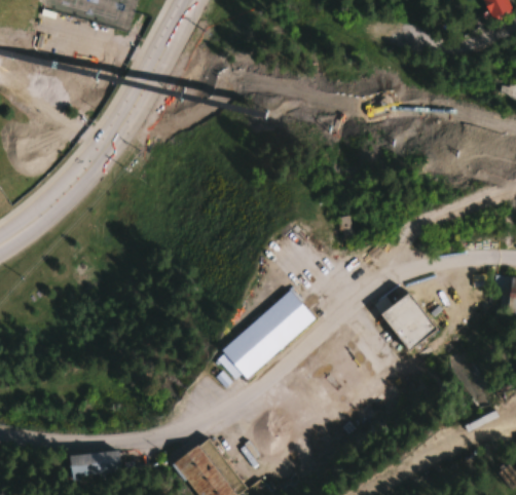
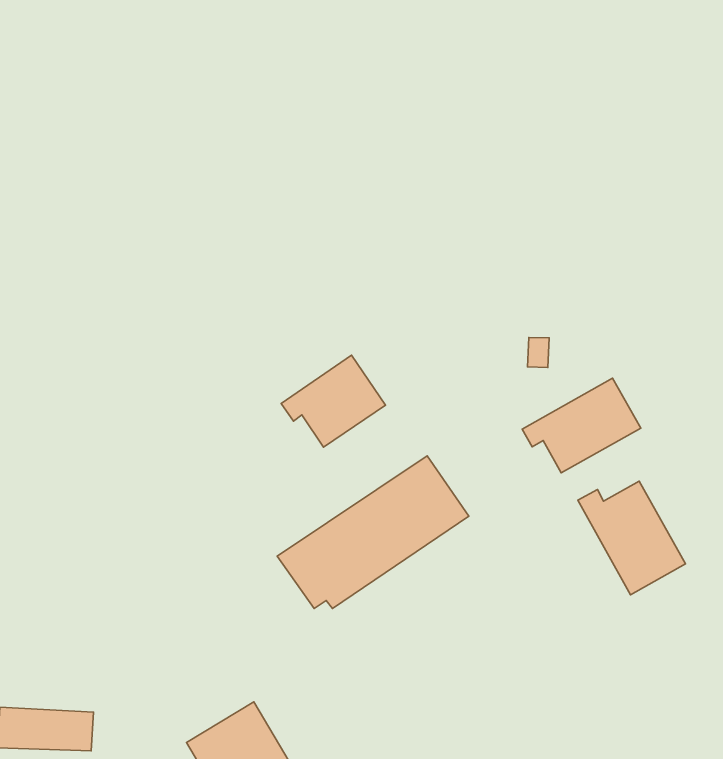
building: none -> [522,378,641,473]
building: none -> [281,355,385,447]

